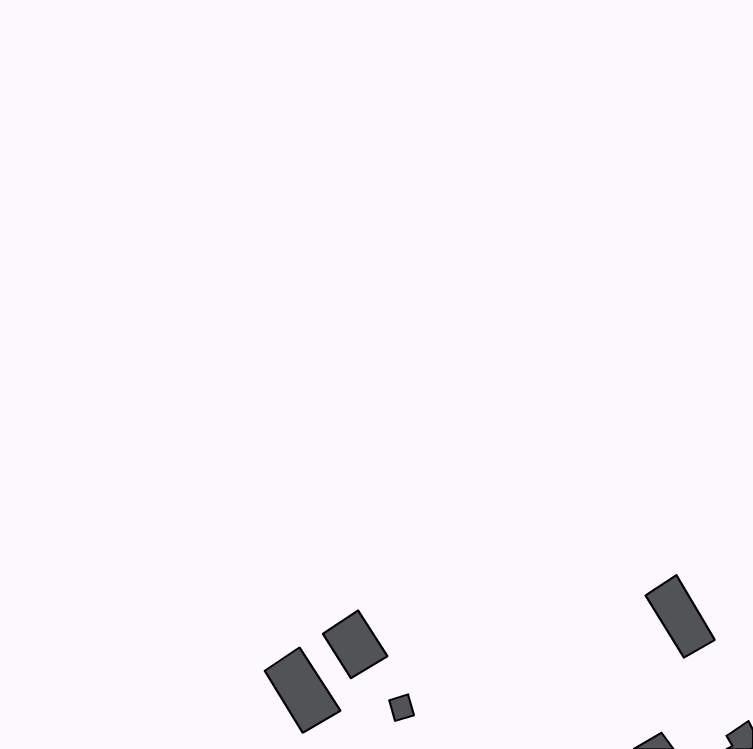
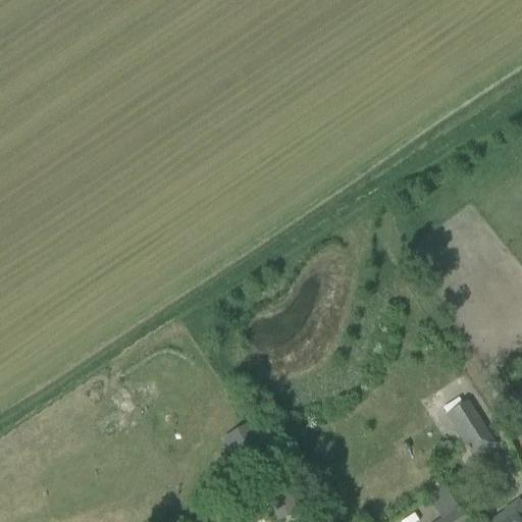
building: [265,648,340,733] -> none

